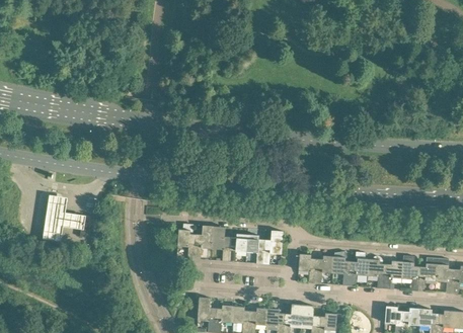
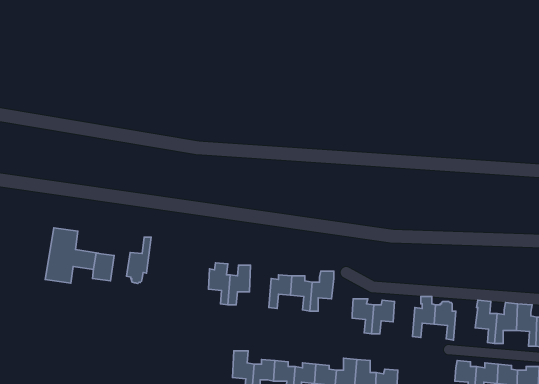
building: none -> [127,237,151,283]
building: [212,226,230,261] -> none
building: [332,251,351,285] -> none
building: [383,260,403,288] -> none

